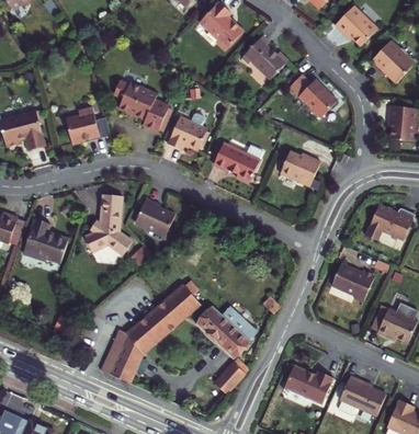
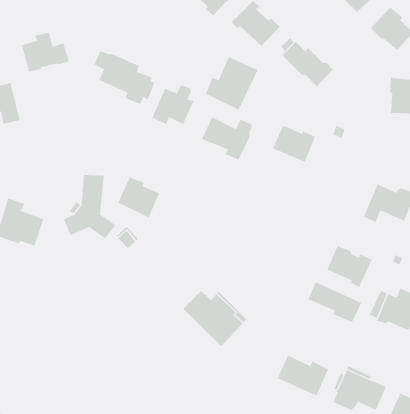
building: none -> [205,56,258,110]
building: [67,106,112,144] -> [21,32,70,72]
building: [100,281,203,381] -> none
building: none -> [307,281,362,323]
building: [213,357,248,393] -> none

